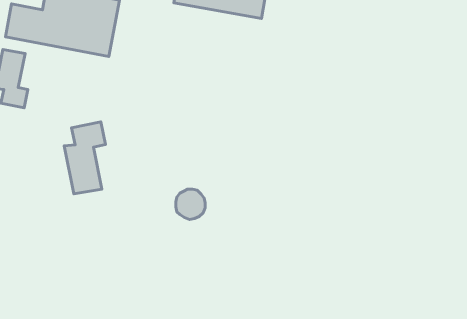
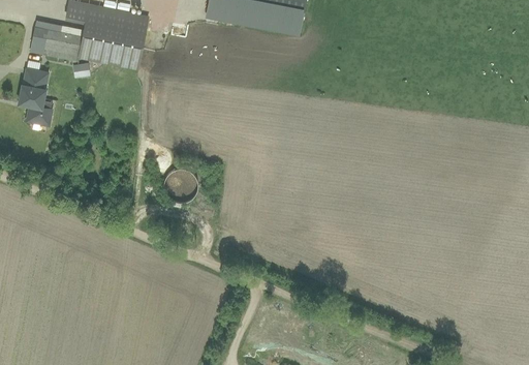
building: [64,122,106,194] -> none
building: [176,189,205,219] -> [164,171,195,203]

